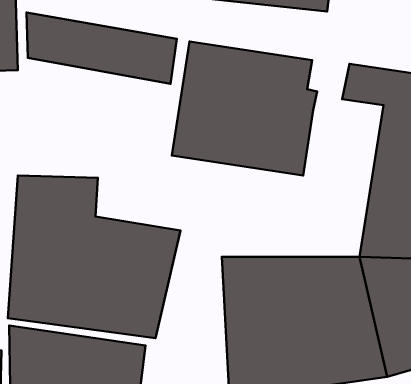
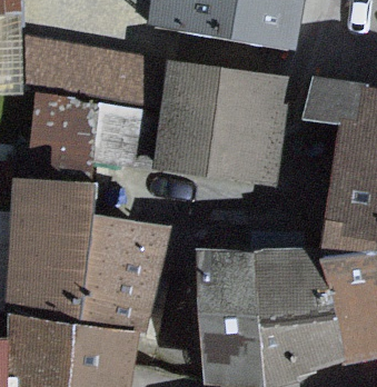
building: none -> [30,98,139,169]

